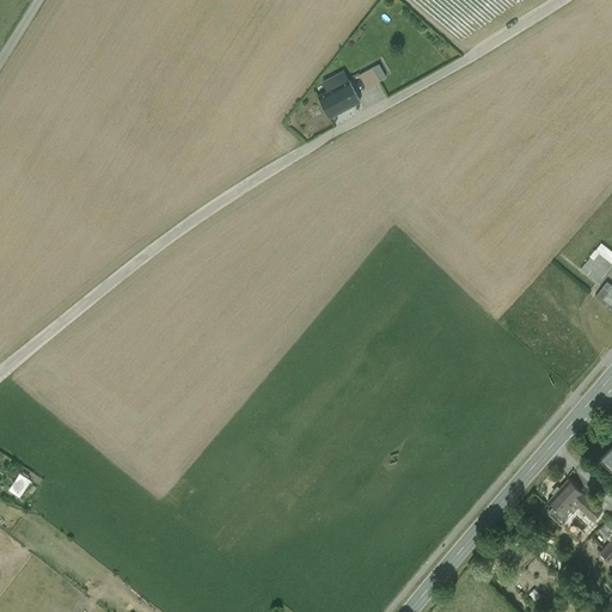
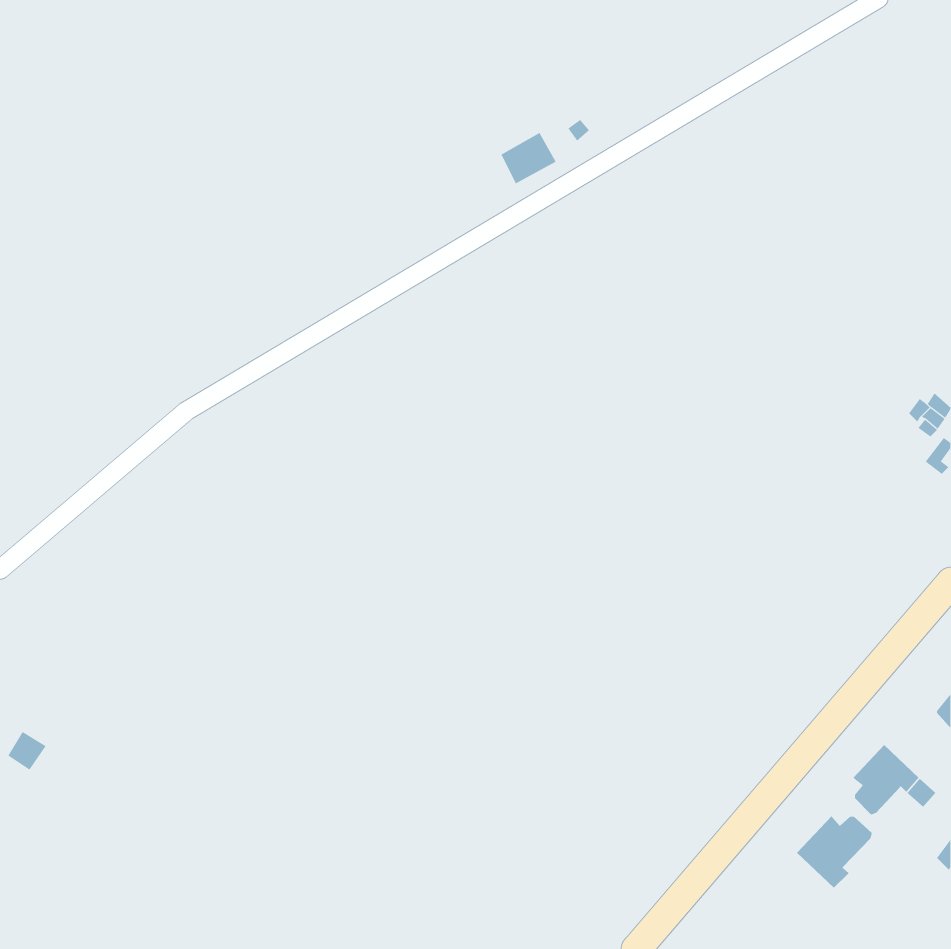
building: none -> [796,816,873,888]

